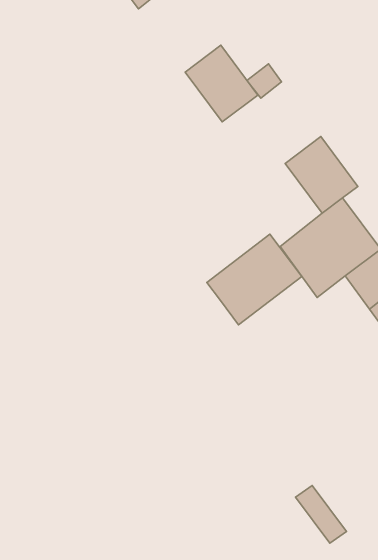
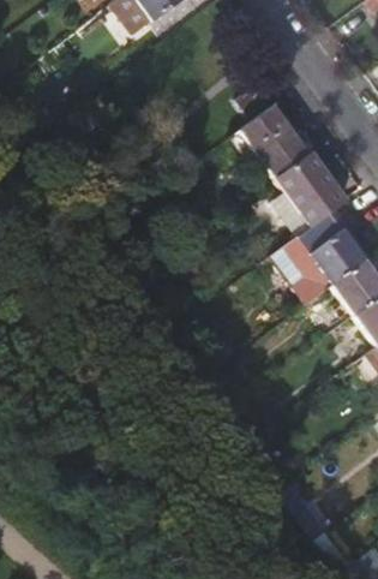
building: [185,45,258,122] -> [242,106,311,178]
building: [207,234,302,325] -> none

